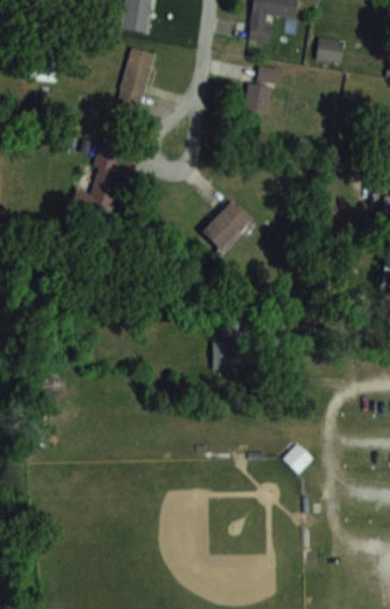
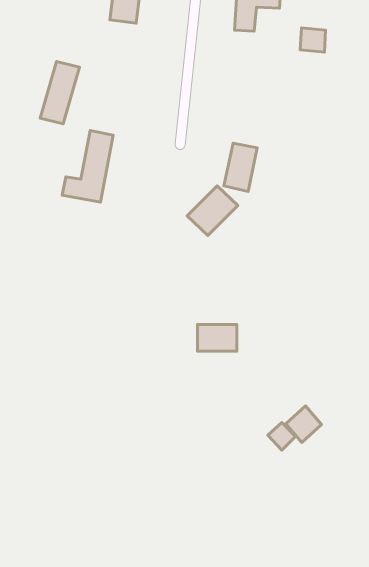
building: [115,46,156,111] -> [40,61,79,124]
building: [244,64,278,114] -> [224,143,257,192]
building: none -> [286,406,322,443]

